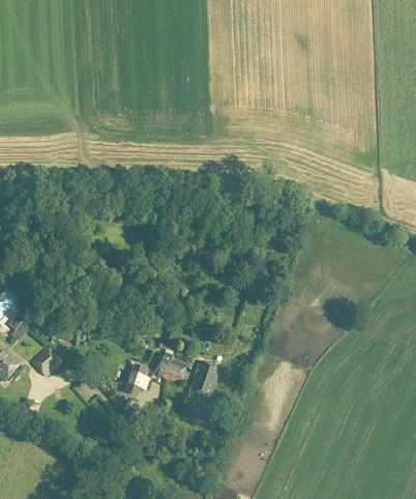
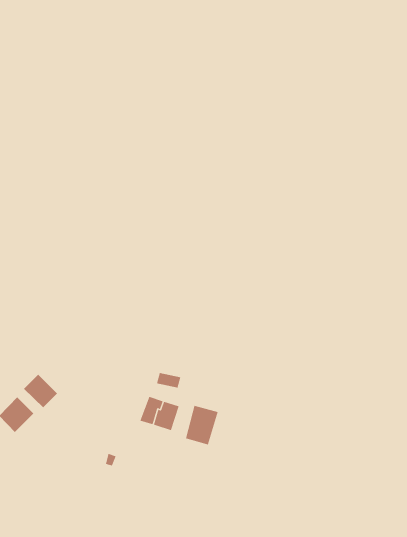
building: none -> [23,374,58,408]
building: [124,365,150,397] -> none

